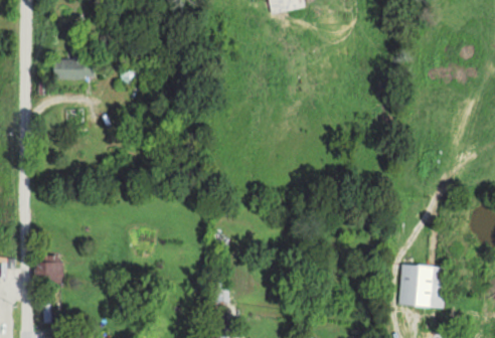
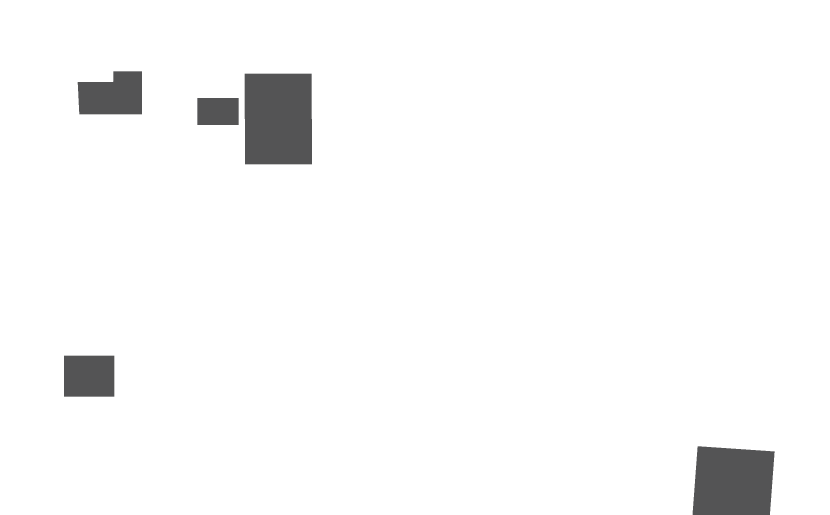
building: none -> [244,73,313,165]
building: [35,264,64,288] -> [63,355,115,398]

